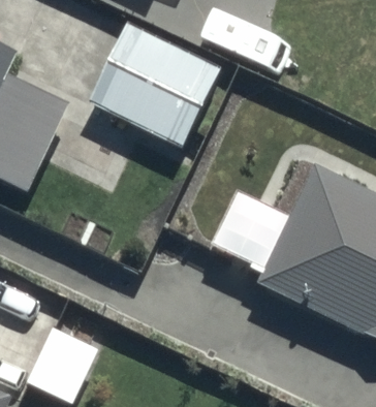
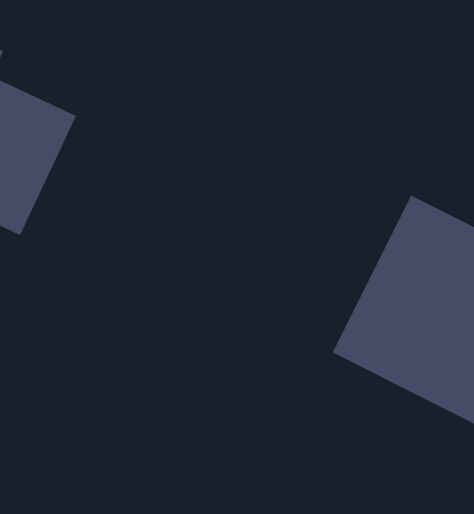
building: [86,23,215,145] -> none

